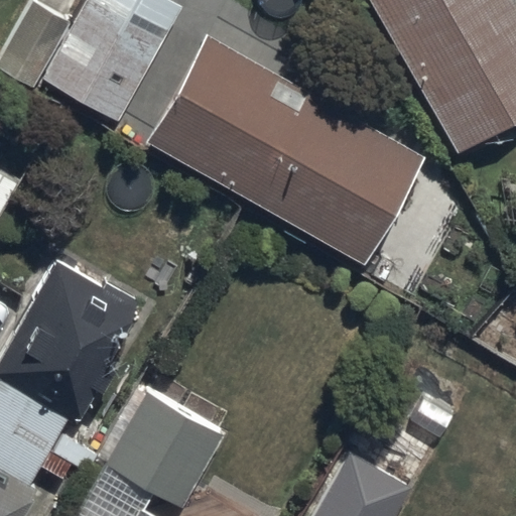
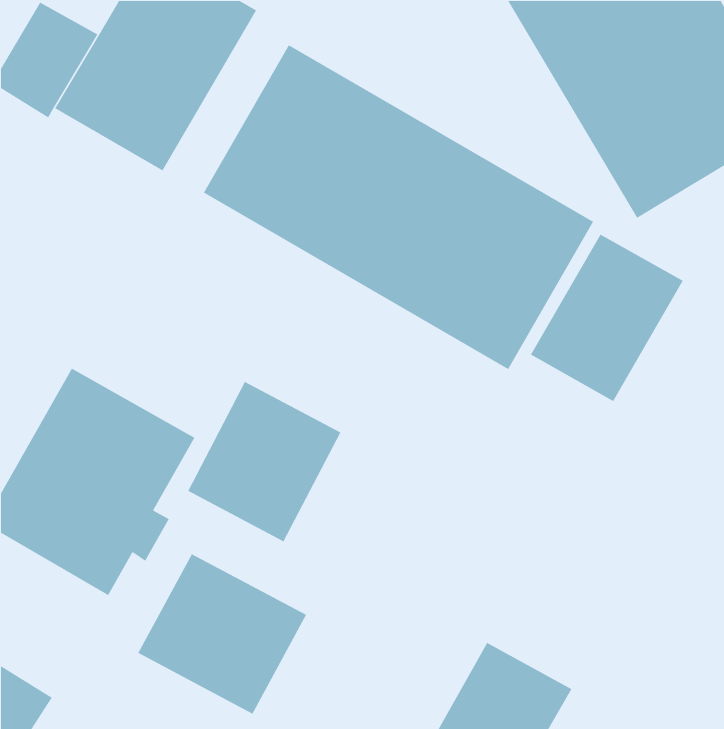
building: none -> [530,233,684,402]
building: none -> [187,381,341,543]

